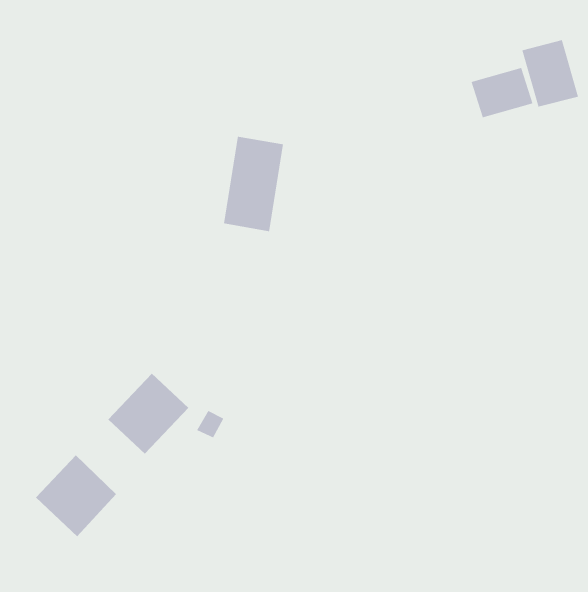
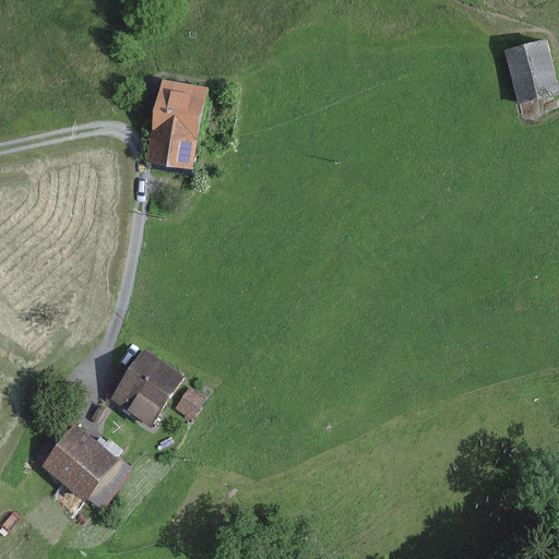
building: [471,67,533,118] -> none
building: [223,136,284,232] -> [151,80,207,169]

